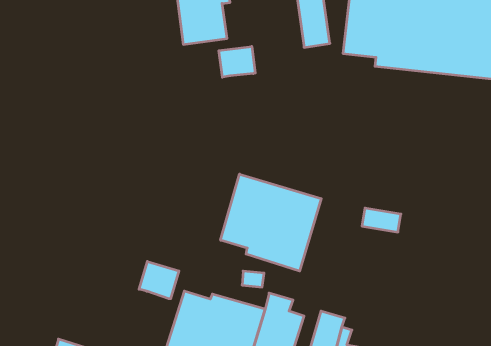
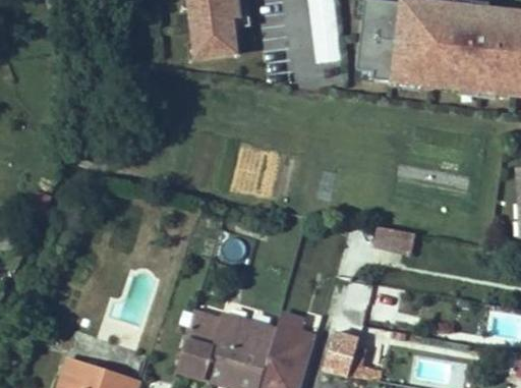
building: [219,46,255,77] -> none
building: [221,174,321,271] -> none
building: [139,261,179,299] -> none

